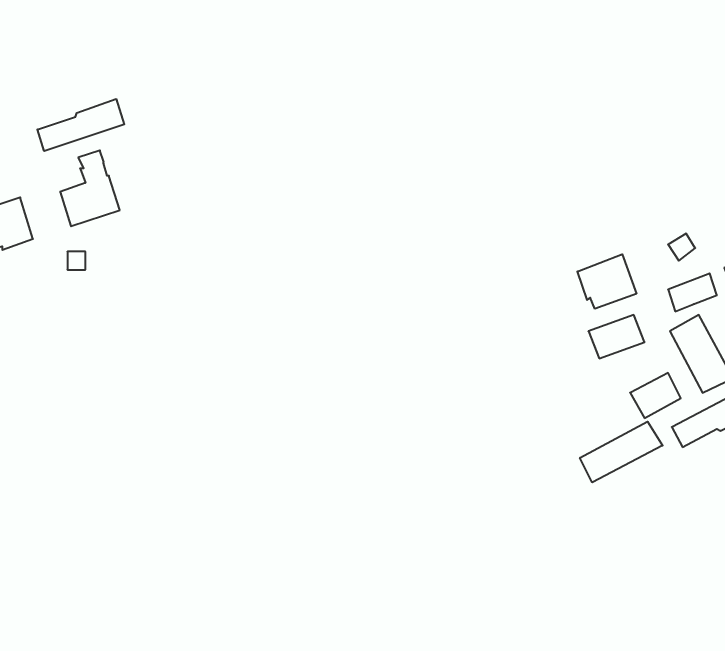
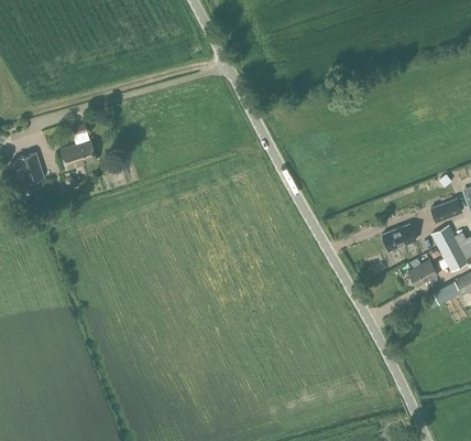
building: [37,99,124,151] -> none
building: [577,254,636,309] -> none
building: [580,422,663,482] -> none

